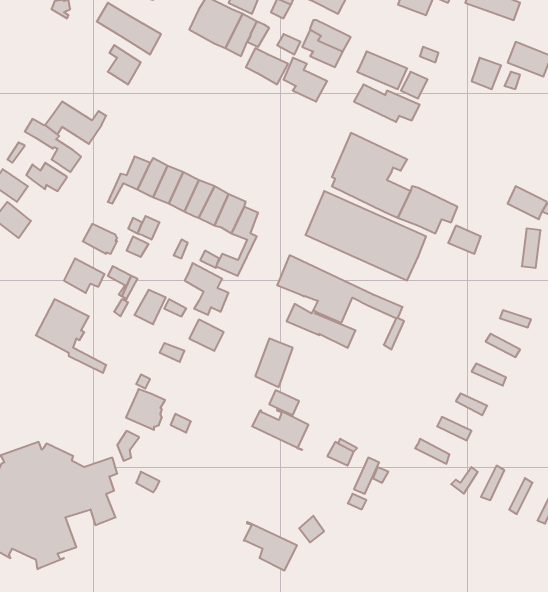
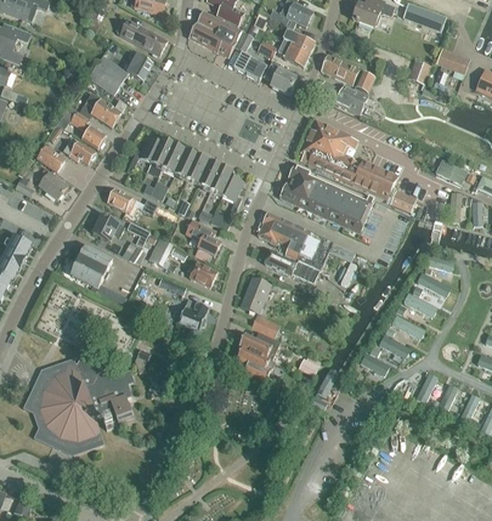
building: none -> [87,55,129,95]
building: [126,389,165,430] -> [177,299,208,330]
building: [244,522,297,570] -> [236,345,277,383]

